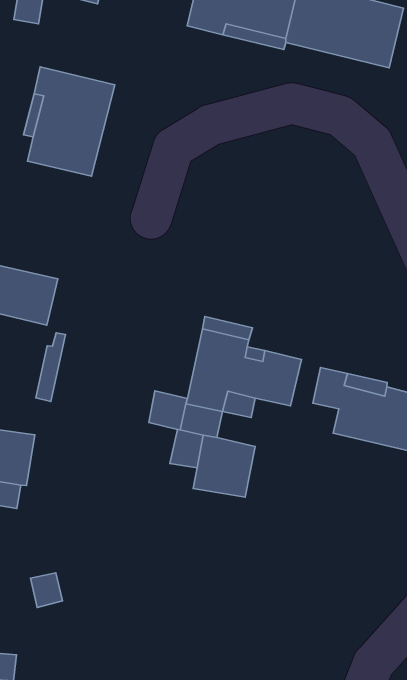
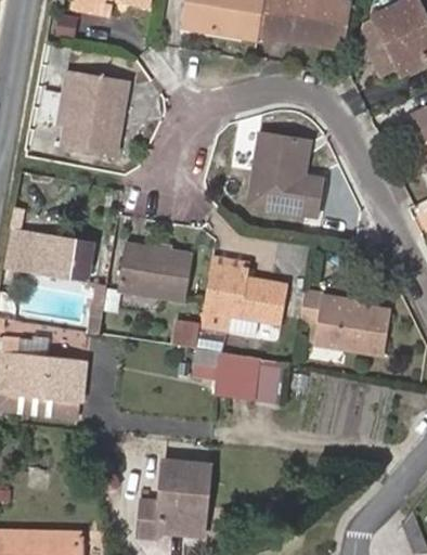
building: none -> [246,131,318,212]
building: none -> [117,242,194,299]
building: none -> [253,358,281,400]
building: none -> [134,459,207,534]

